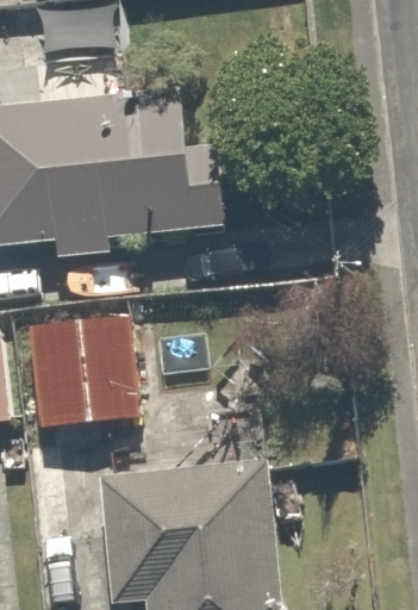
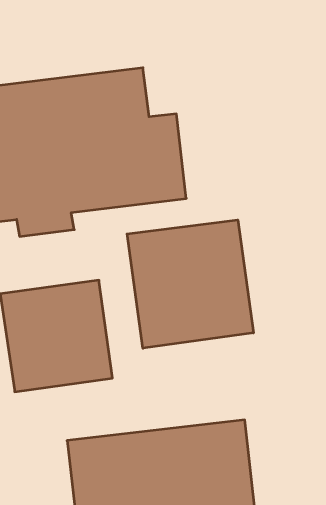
building: none -> [127,220,253,348]

